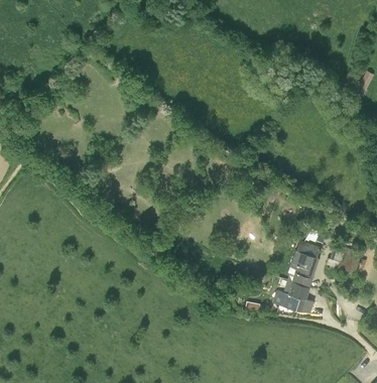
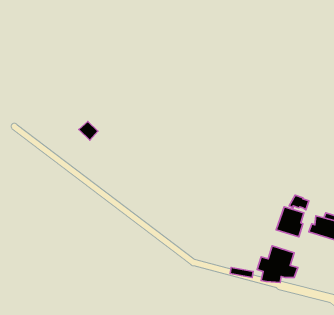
building: [288,263,316,286] -> none

